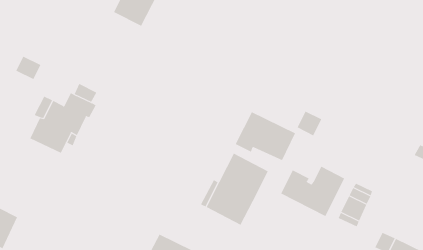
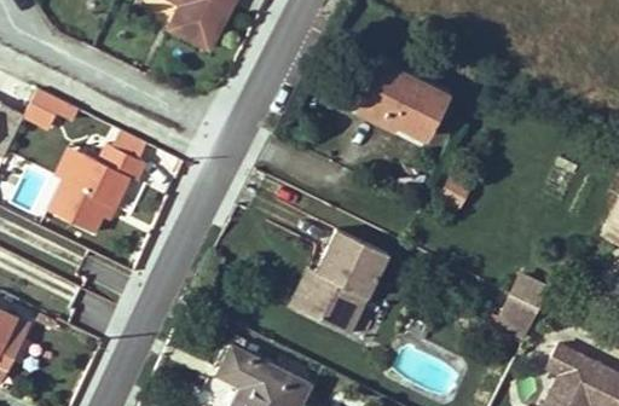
building: [235,112,296,161] -> [358,62,446,133]
building: [281,166,345,217] -> none

